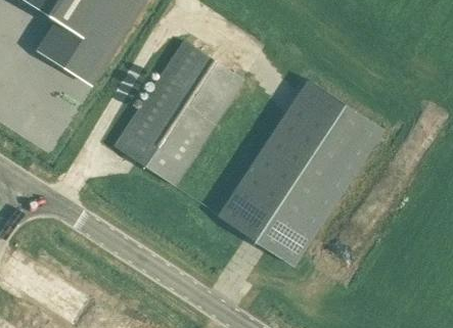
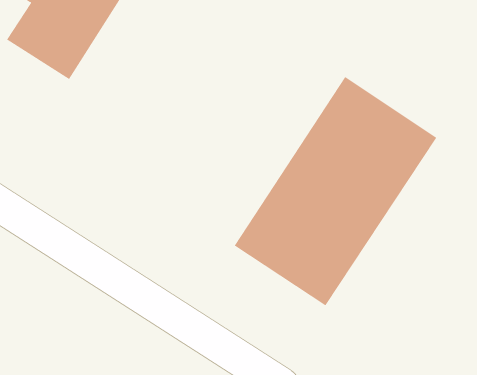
building: [112,39,239,183] -> none

